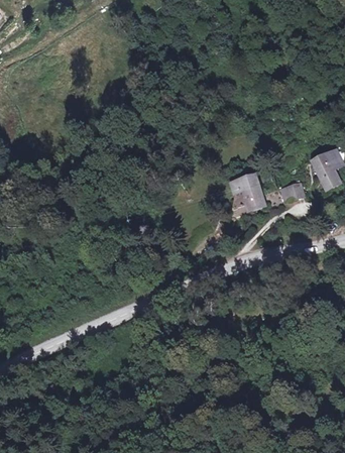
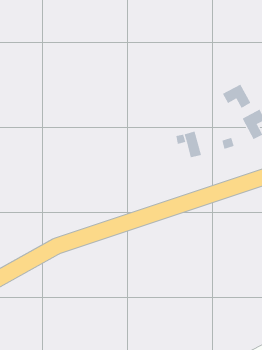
building: none -> [222,84,251,109]

